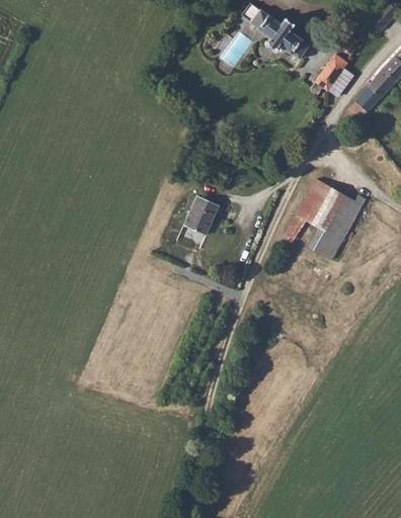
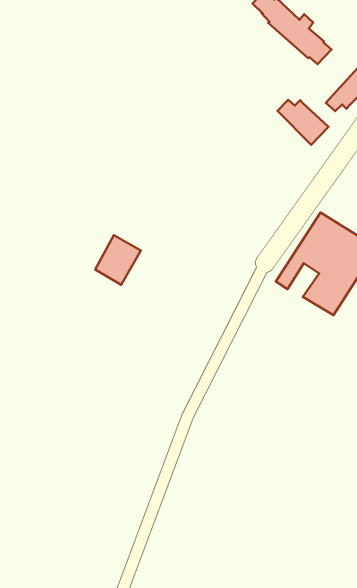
building: none -> [277,100,328,145]
building: [184,195,220,235] -> [95,235,141,285]

